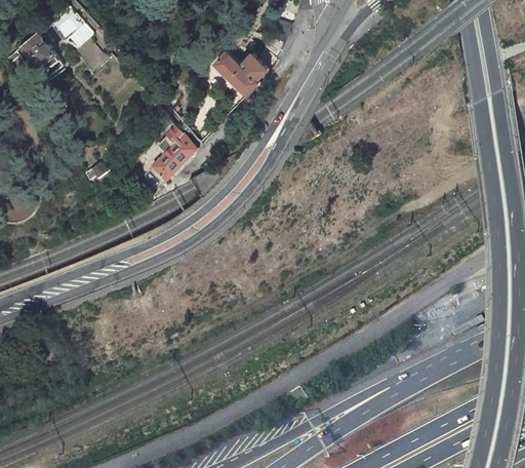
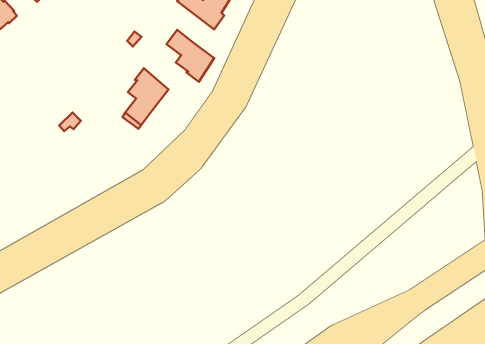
building: none -> [166,30,214,82]

